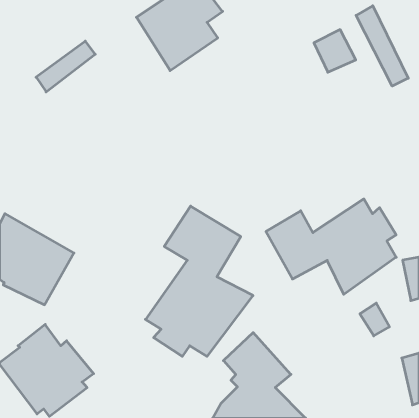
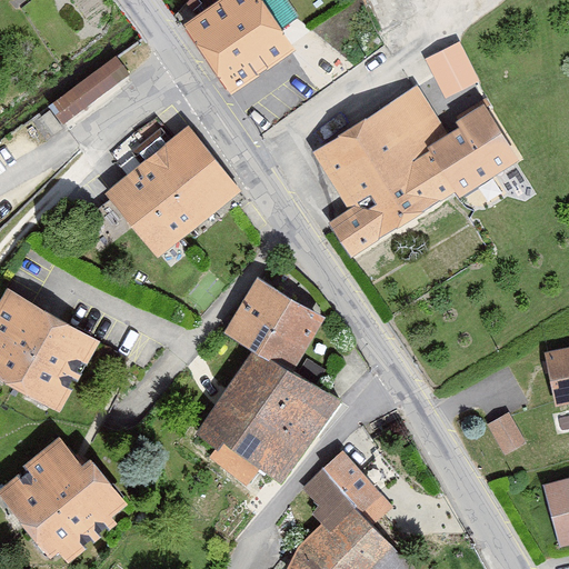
building: [356,6,408,86] -> none
building: none -> [312,84,520,258]
building: none -> [104,126,242,258]
building: [266,199,396,294] -> none

